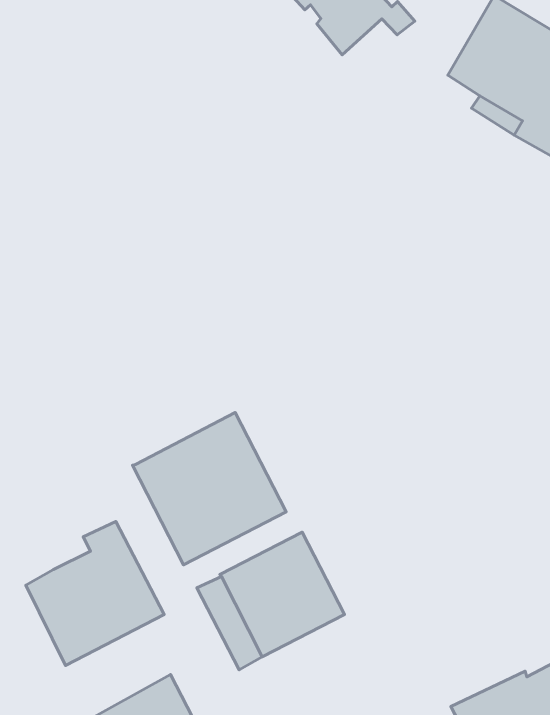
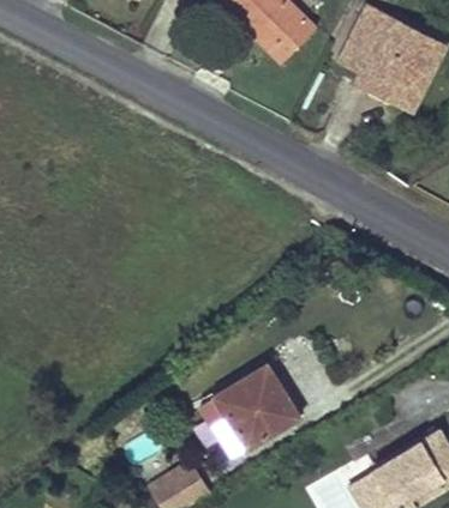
building: [132,412,286,565] -> none
building: [26,522,164,665] -> none

